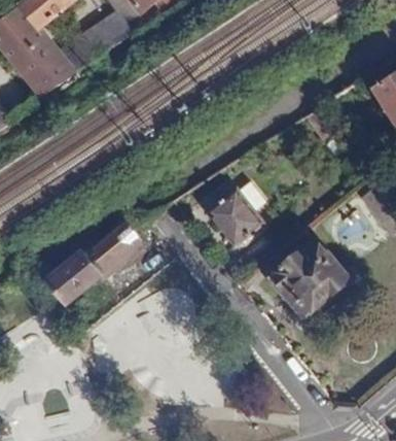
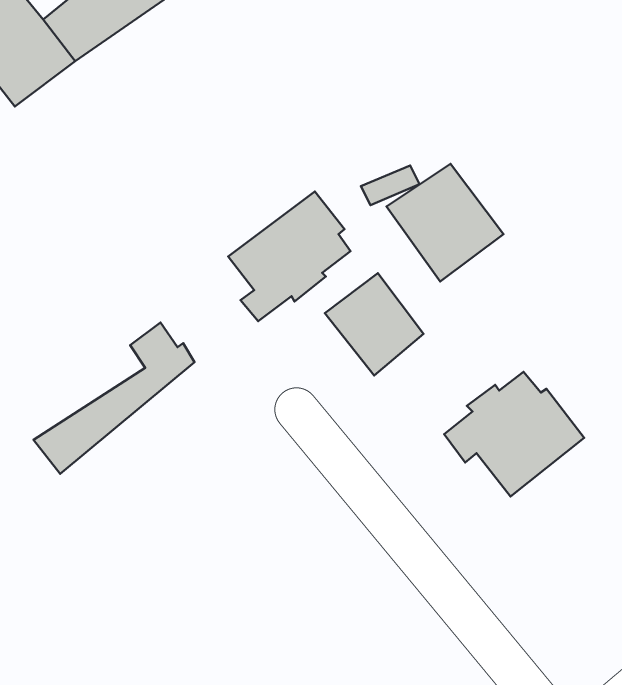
building: none -> [386,164,503,282]
building: none -> [228,192,351,321]

